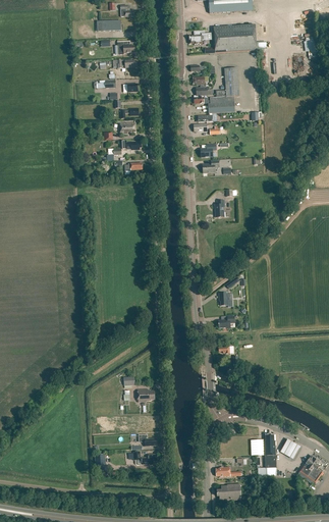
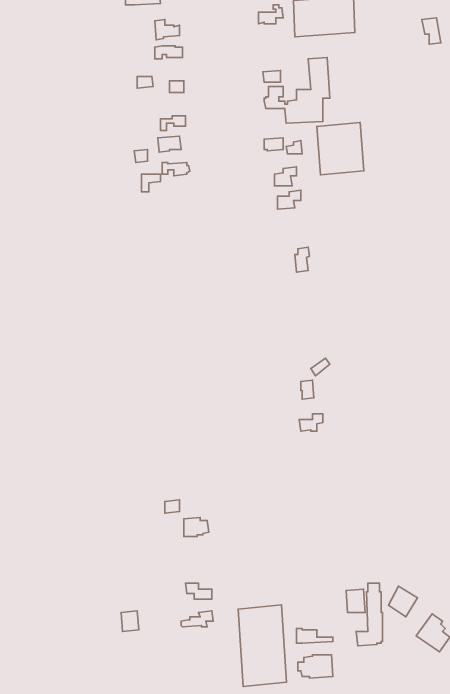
building: none -> [317,123,364,175]
building: none -> [238,605,286,686]

